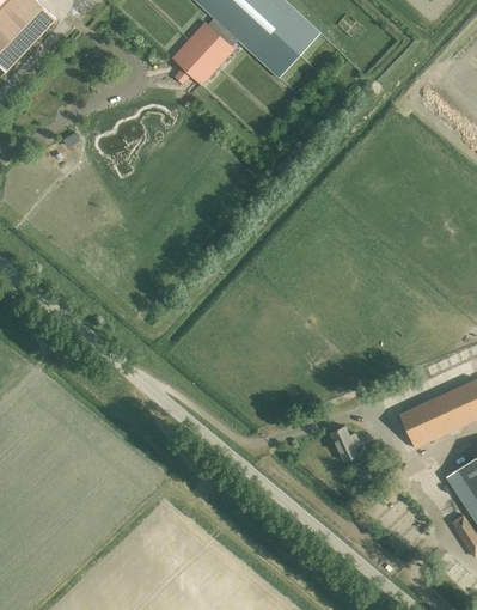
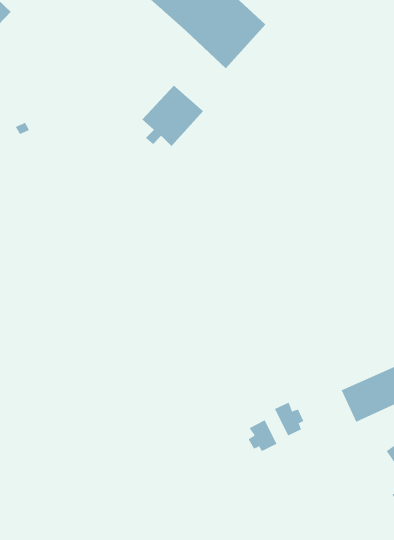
building: [171,20,236,85] -> [142,85,204,147]
building: none -> [248,420,277,452]

